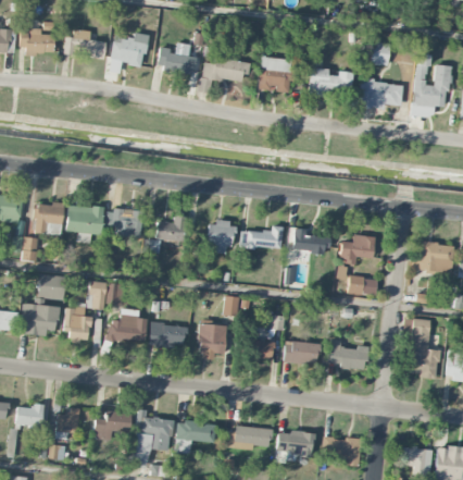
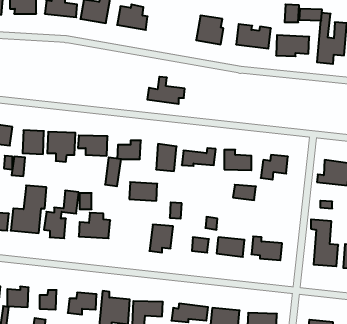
building: [202,47,250,82] -> [147,77,185,104]
building: [348,275,377,295] -> [233,185,256,200]
building: [150,323,186,347] -> [129,182,157,201]

